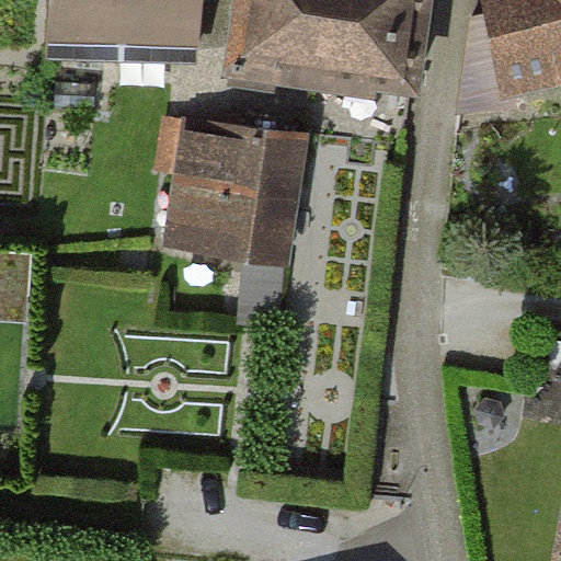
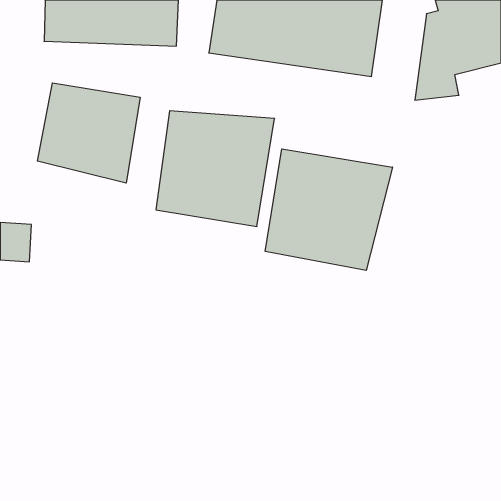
building: none -> [37,83,140,183]
building: none -> [265,149,392,270]

